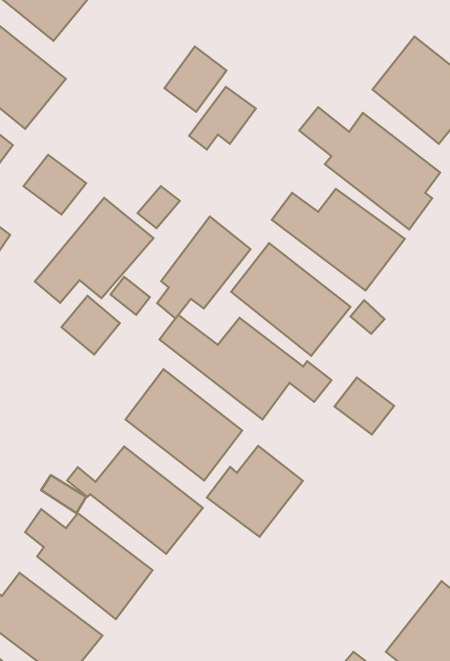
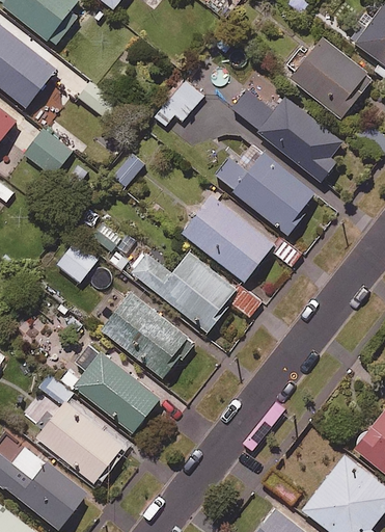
building: [165,46,227,112] -> none
building: [35,198,153,303] -> none
building: [157,217,250,319] -> none
building: [335,378,394,435] -> none
building: [207,446,303,537] -> none

